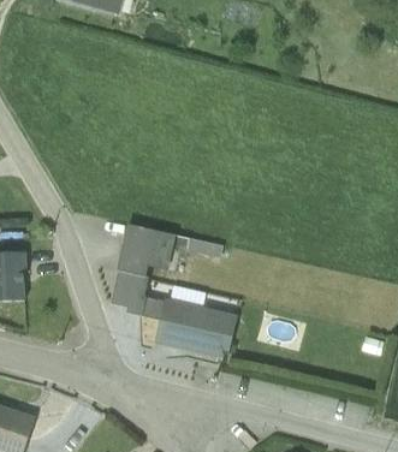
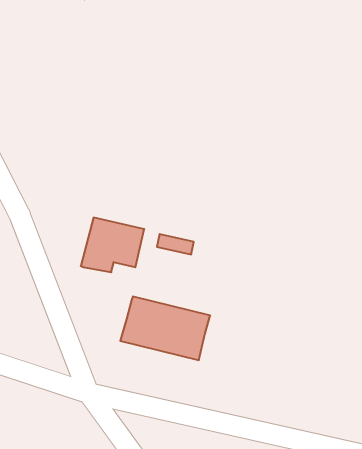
building: [109,269,162,319] -> none

